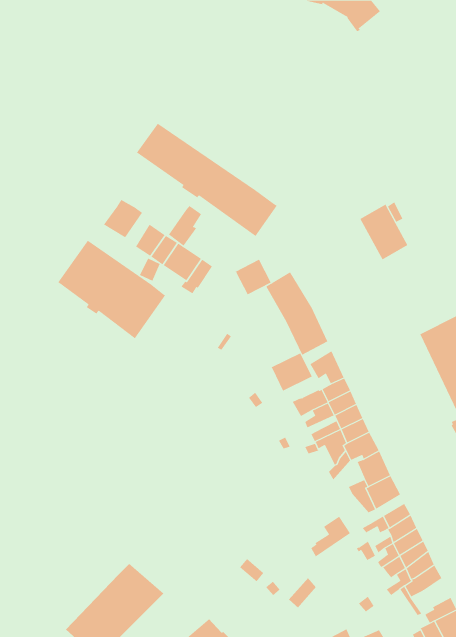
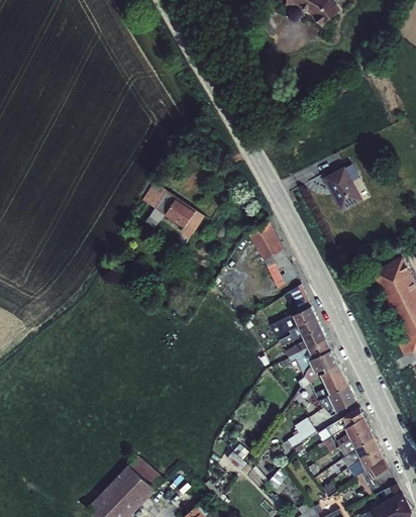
building: [136,123,277,237] -> none
building: [103,199,143,238] -> none
building: [168,205,202,247] -> none
building: [58,240,166,339] -> none
building: [235,259,272,295] -> none
building: [271,353,313,391] -> none

